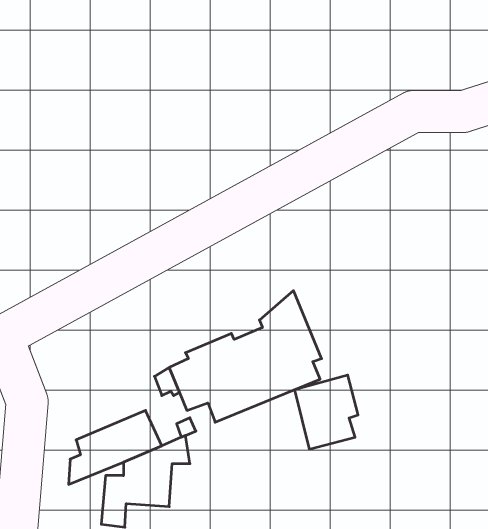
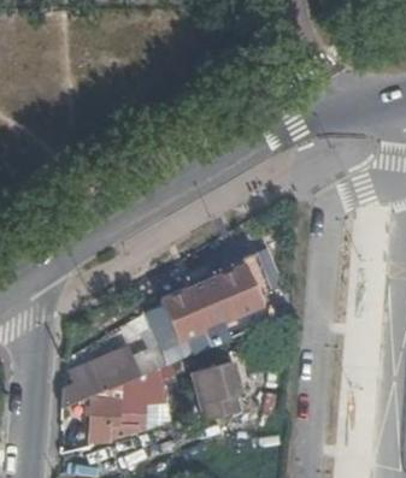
building: [294,375,358,449] -> [195,361,247,421]

